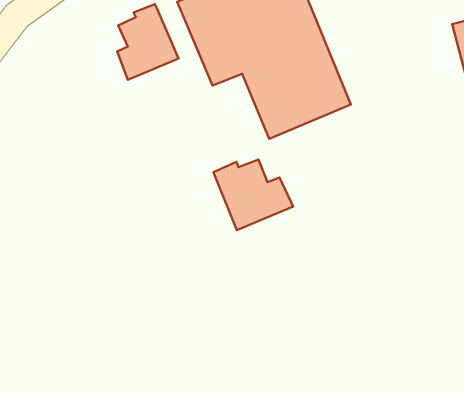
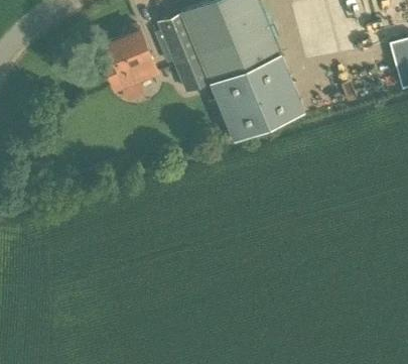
building: [214,160,293,230] -> none

